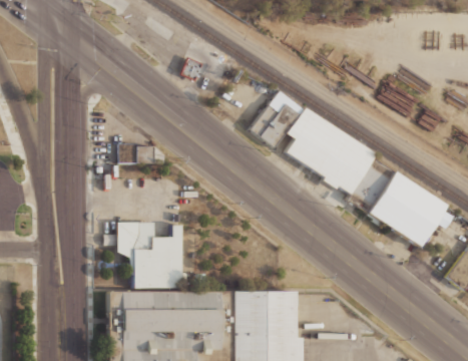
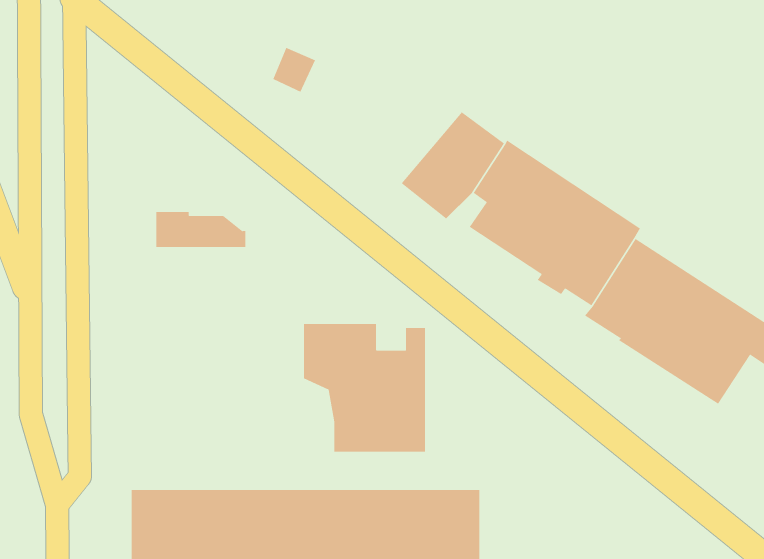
building: [119,223,184,291] -> [303,324,426,452]

